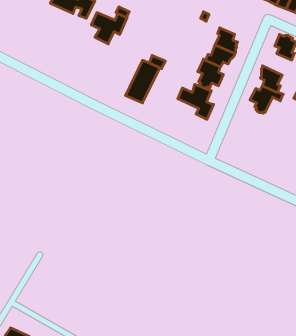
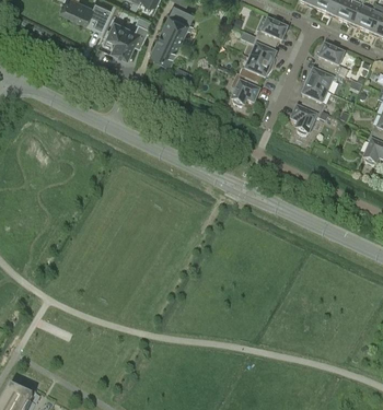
building: none -> [255,19,287,44]
building: none -> [304,66,338,91]
building: [125,60,160,103] -> [150,11,189,60]
building: [178,84,214,119] -> none

